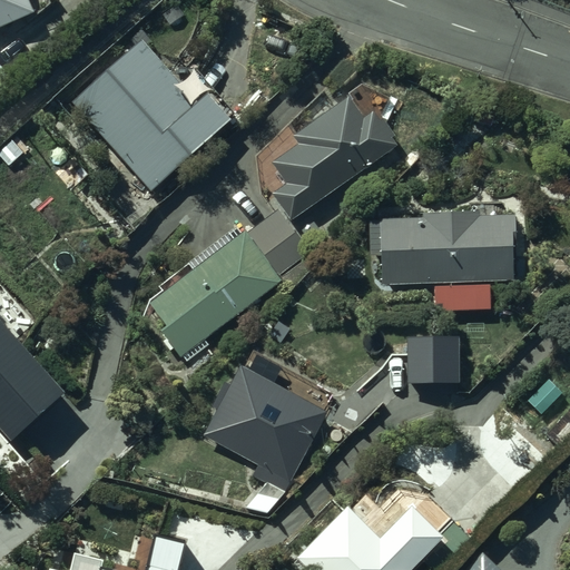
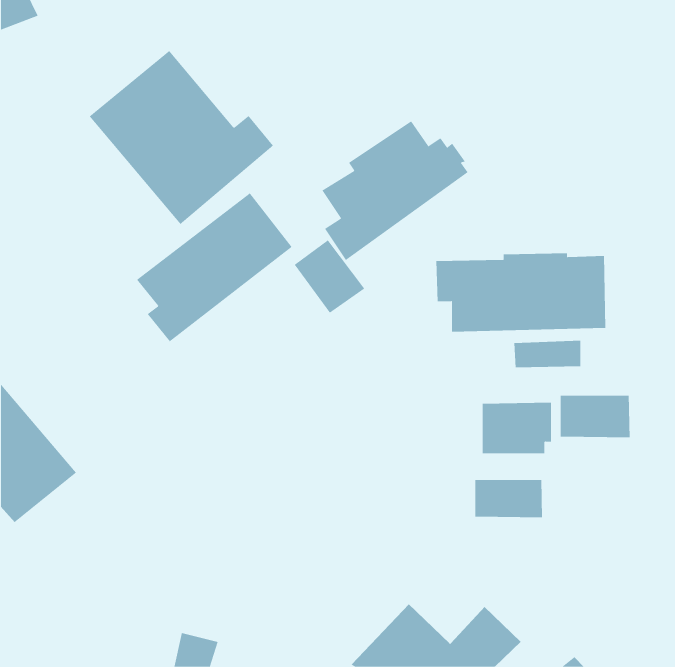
building: [150,230,282,356] -> [136,192,292,342]
building: none -> [560,395,630,438]
building: [204,350,325,481] -> none
building: none -> [475,479,543,518]

